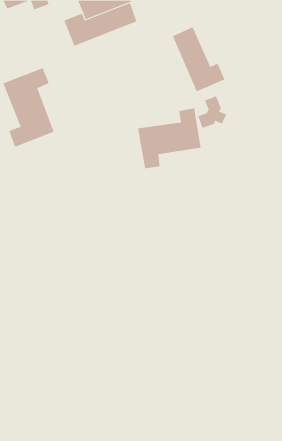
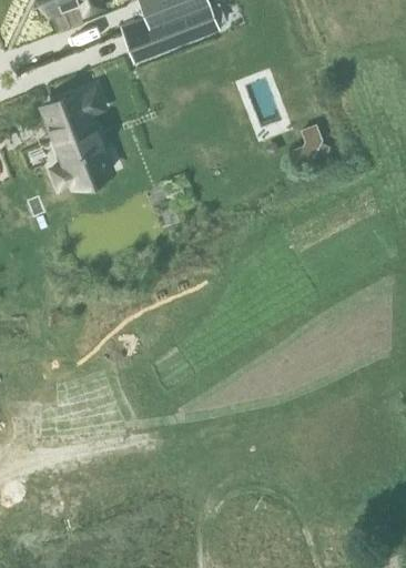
building: [172,26,225,92] -> none
building: [138,108,201,169] -> none

